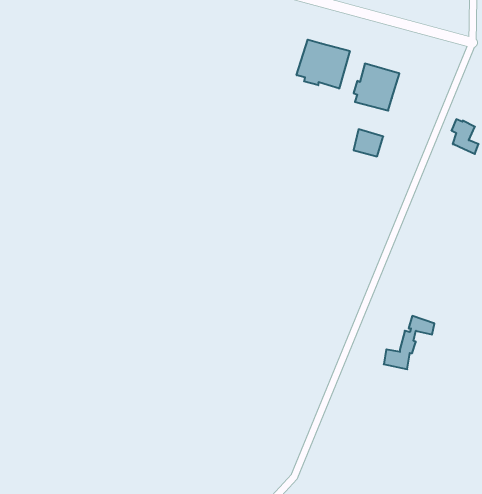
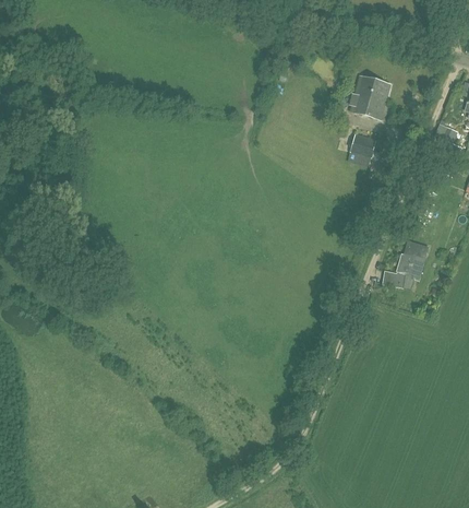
building: [297,40,350,89] -> none
building: [384,316,434,369] -> [383,241,428,288]

